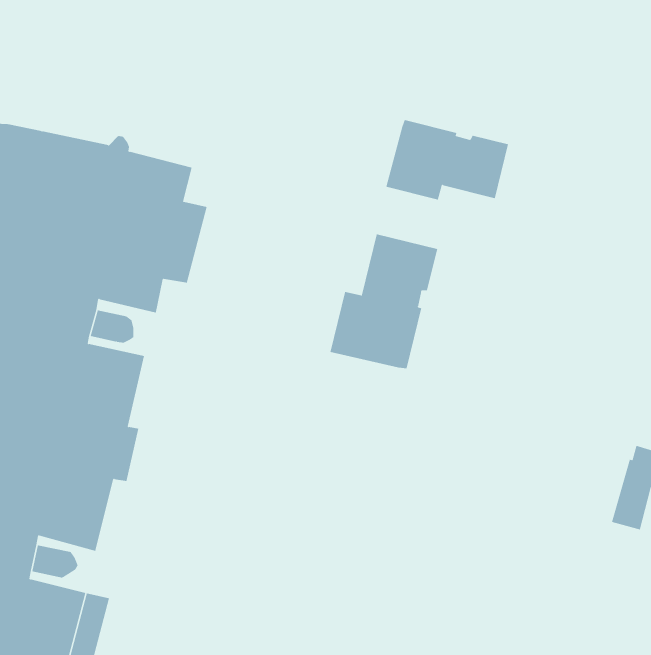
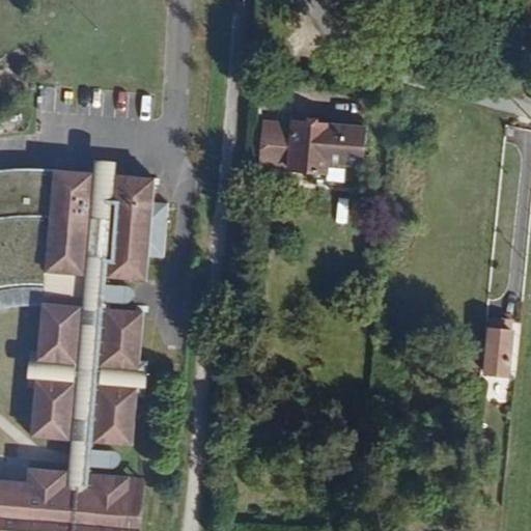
building: none -> [263,124,289,169]
building: [330,234,438,369] -> none

